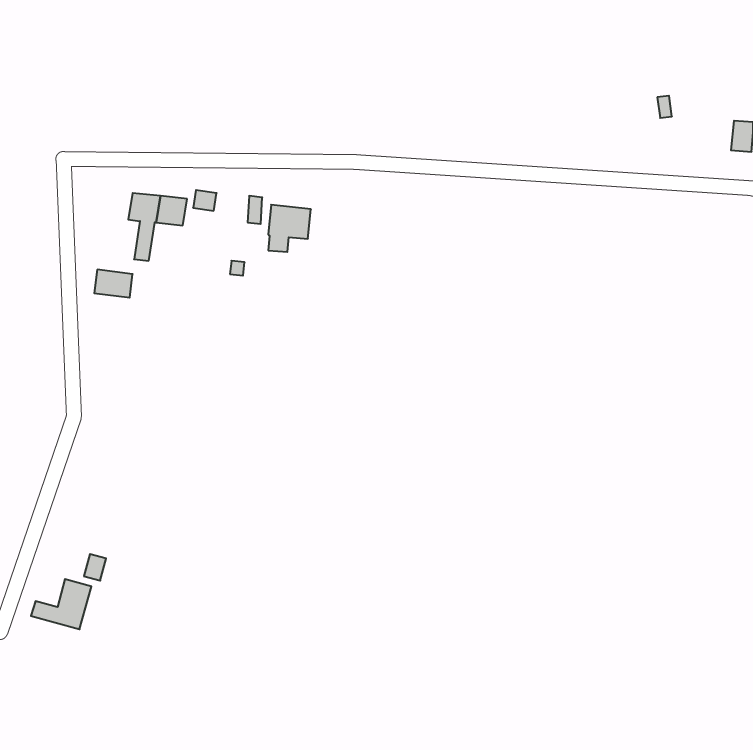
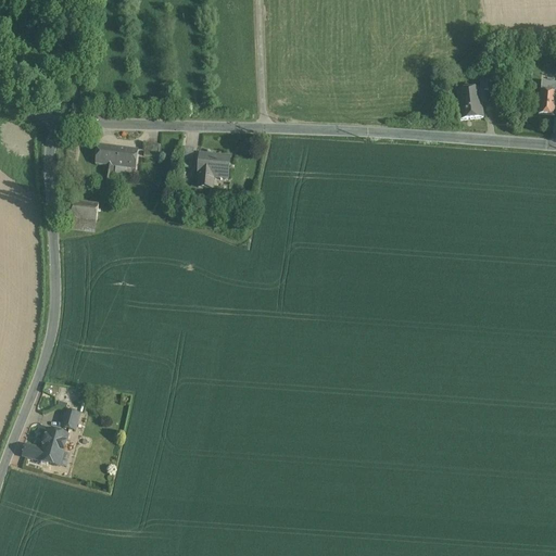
building: none -> [456,85,483,117]

